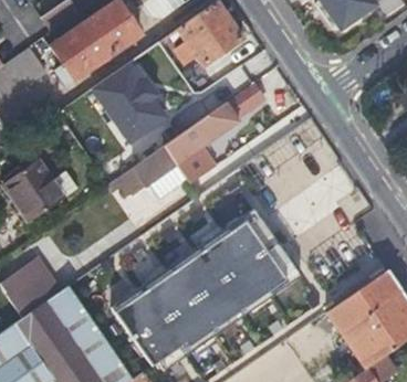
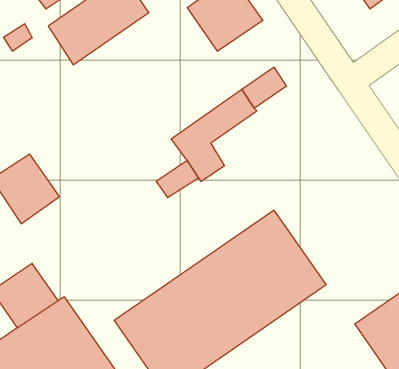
building: [91,64,164,142] -> none
building: [106,147,177,198] -> none

